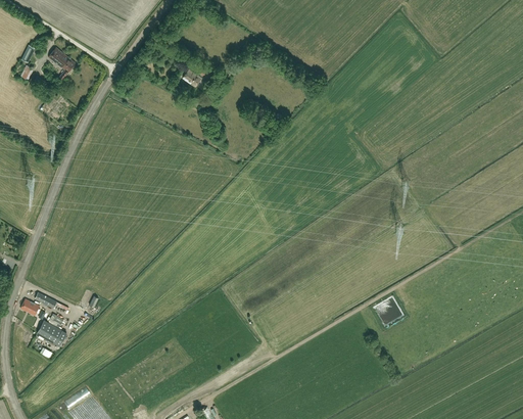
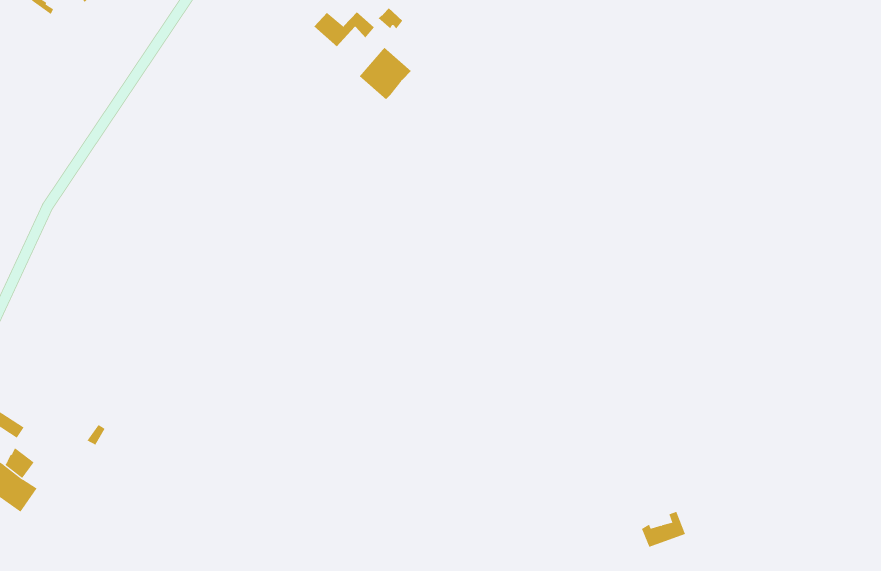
building: none -> [359,47,412,100]

